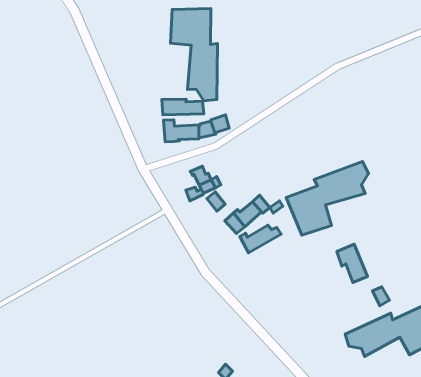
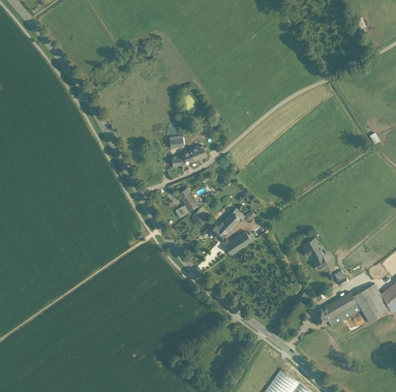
building: [170,8,217,101] -> none
building: [286,161,369,235] -> none

